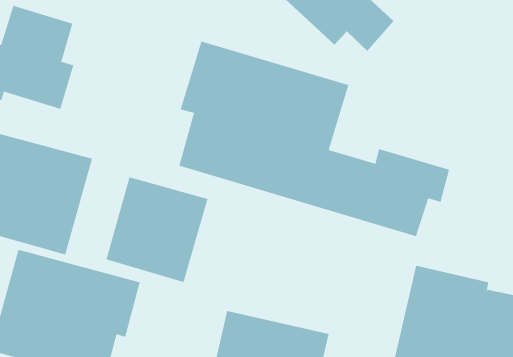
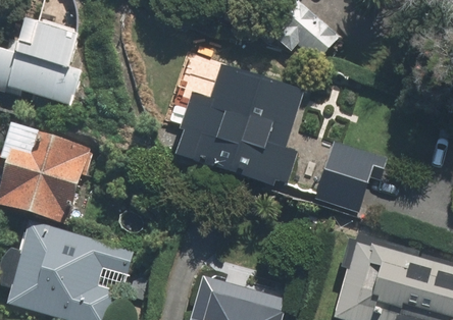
building: [106,176,208,283] -> none

